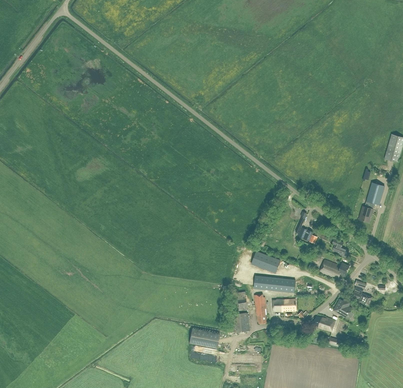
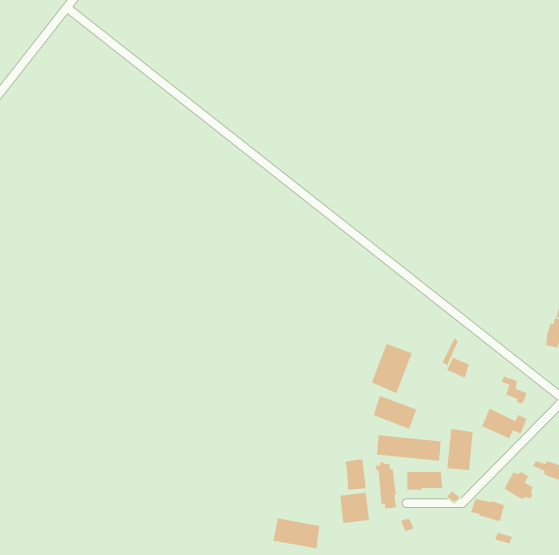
building: none -> [371,343,413,394]
building: none -> [446,428,473,471]

